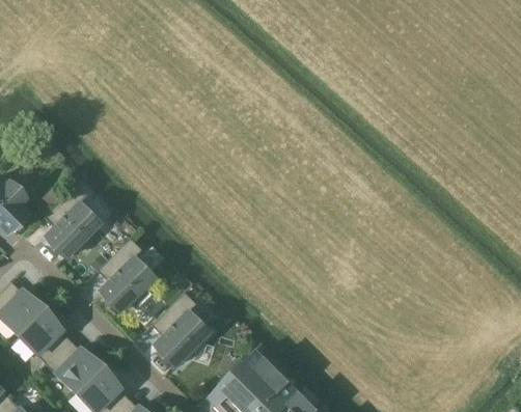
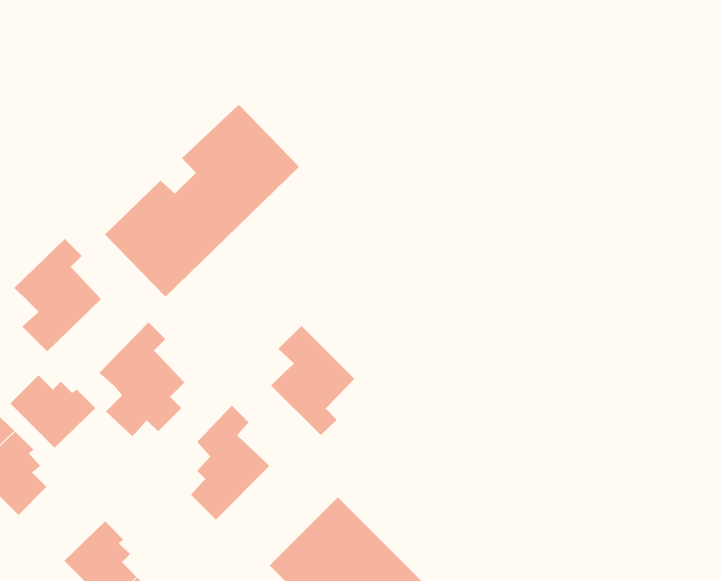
building: none -> [104,104,300,297]
building: none -> [270,325,355,436]
building: [47,344,103,391] -> [10,375,96,448]

